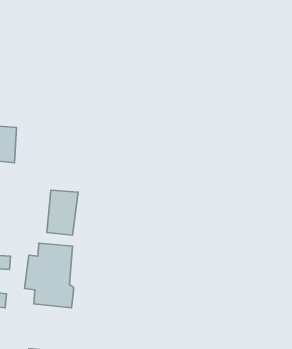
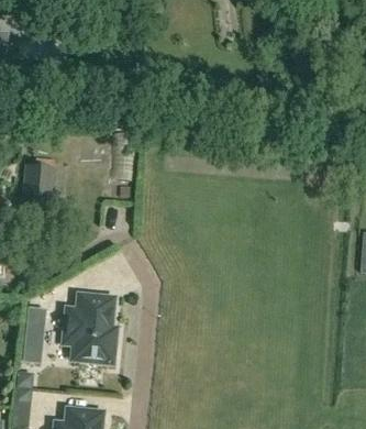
building: [47,190,78,235] -> none

